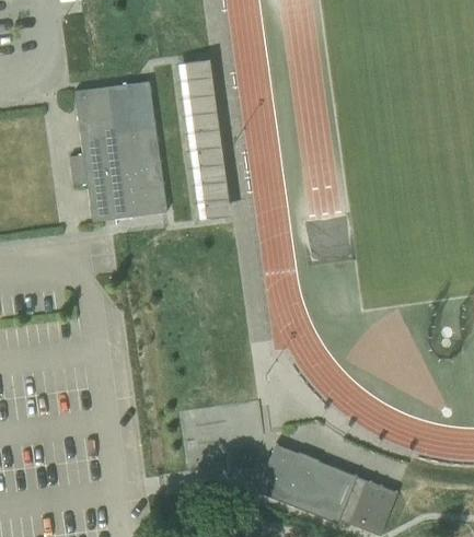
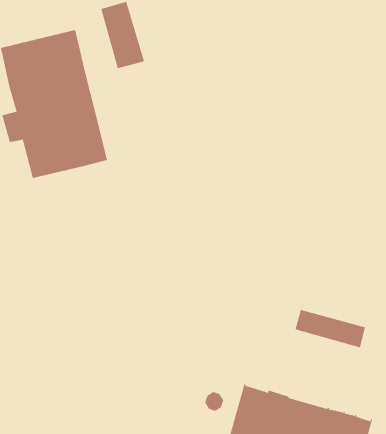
building: [188,137,228,218] -> none
building: none -> [295,309,366,348]

